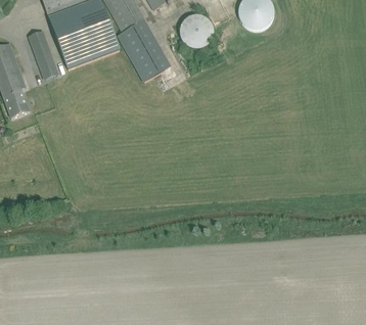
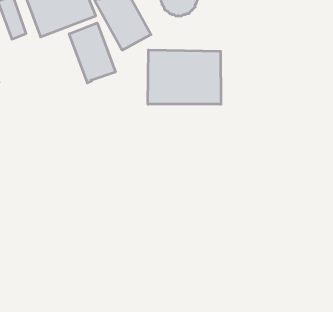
building: none -> [69,23,115,83]
building: none -> [148,50,221,104]

